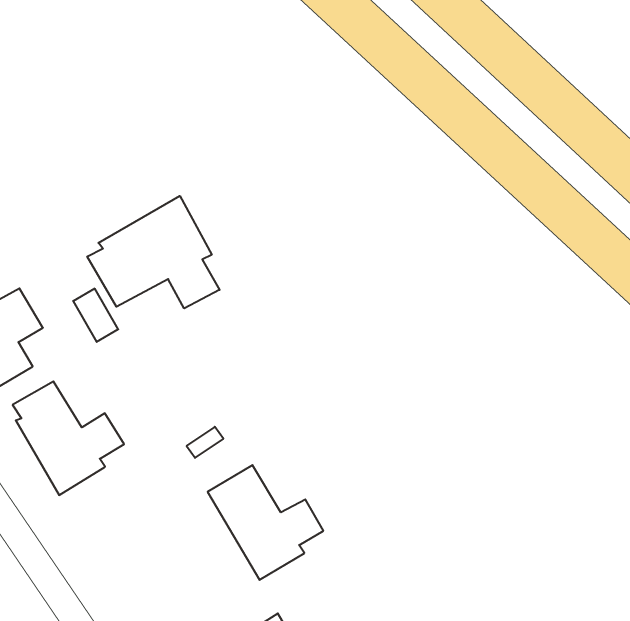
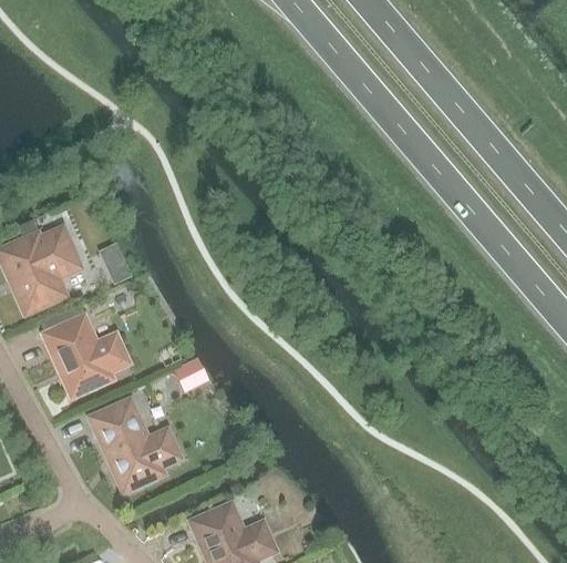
building: [87,196,220,308] -> none
building: [208,465,323,580] -> [93,401,178,490]

